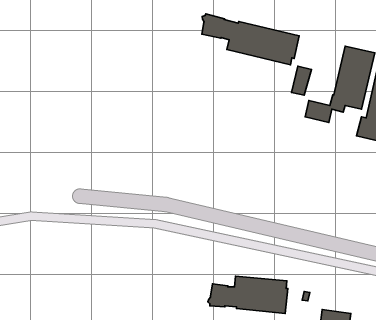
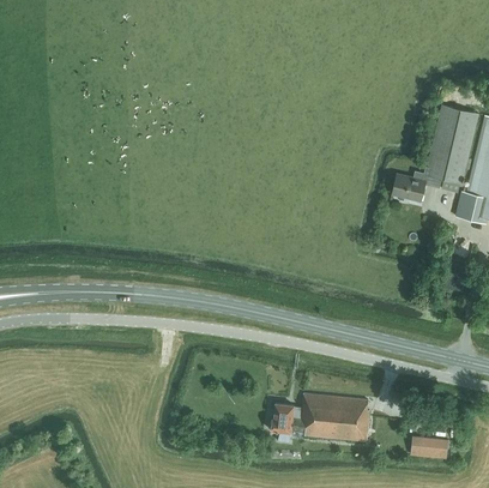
building: [202,14,299,65] -> none
building: [291,66,311,95] -> none

